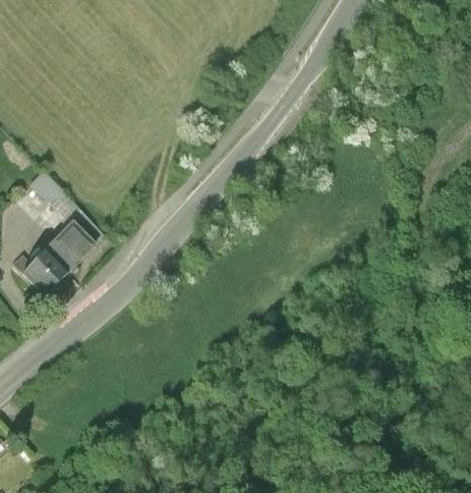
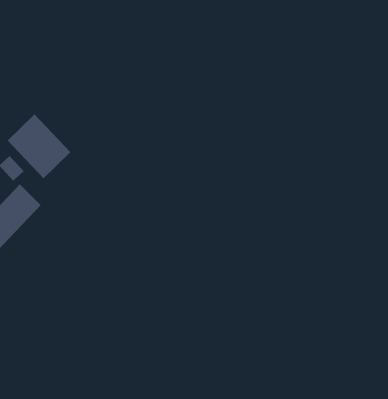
building: none -> [7,114,71,179]

